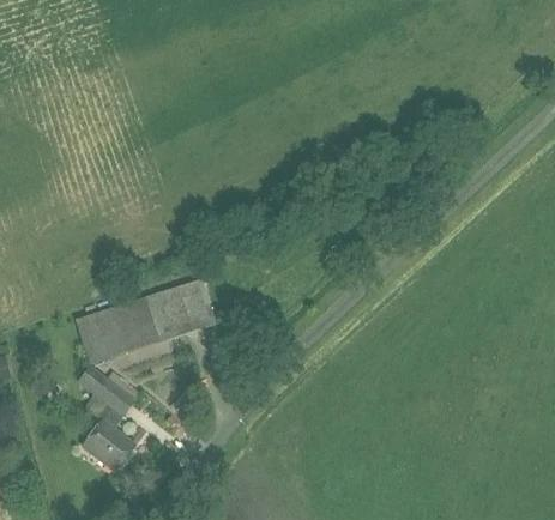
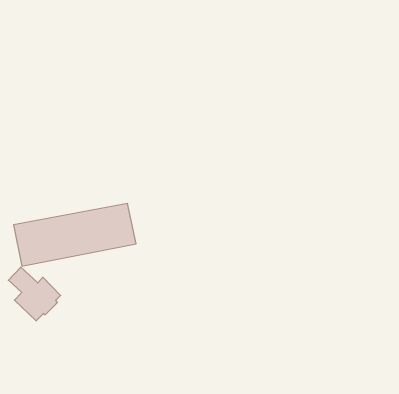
building: [82,419,134,470] -> none

